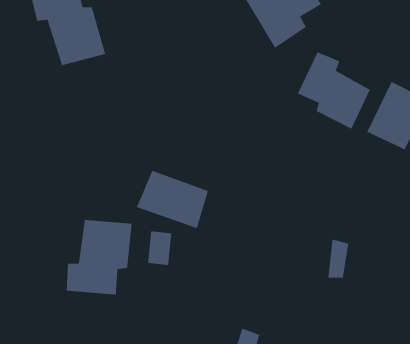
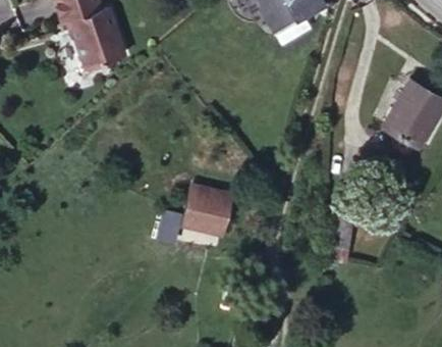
building: [297,51,371,130] -> none
building: [66,219,132,296] -> none

